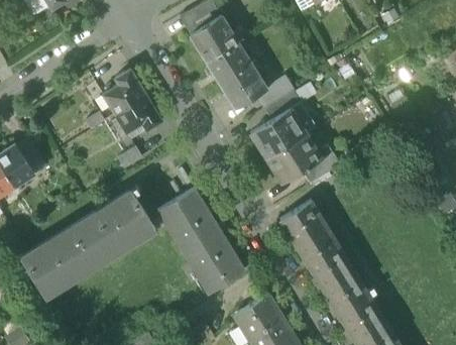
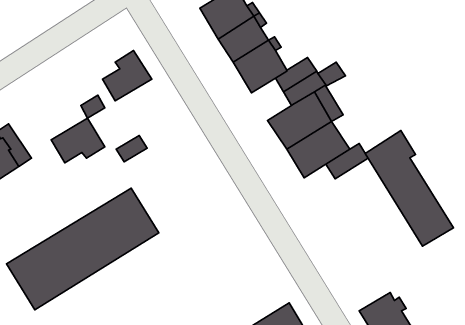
building: [115,96,162,135] -> [51,118,105,163]
building: [157,189,244,292] -> none
building: [279,198,357,300] -> [365,130,453,246]

